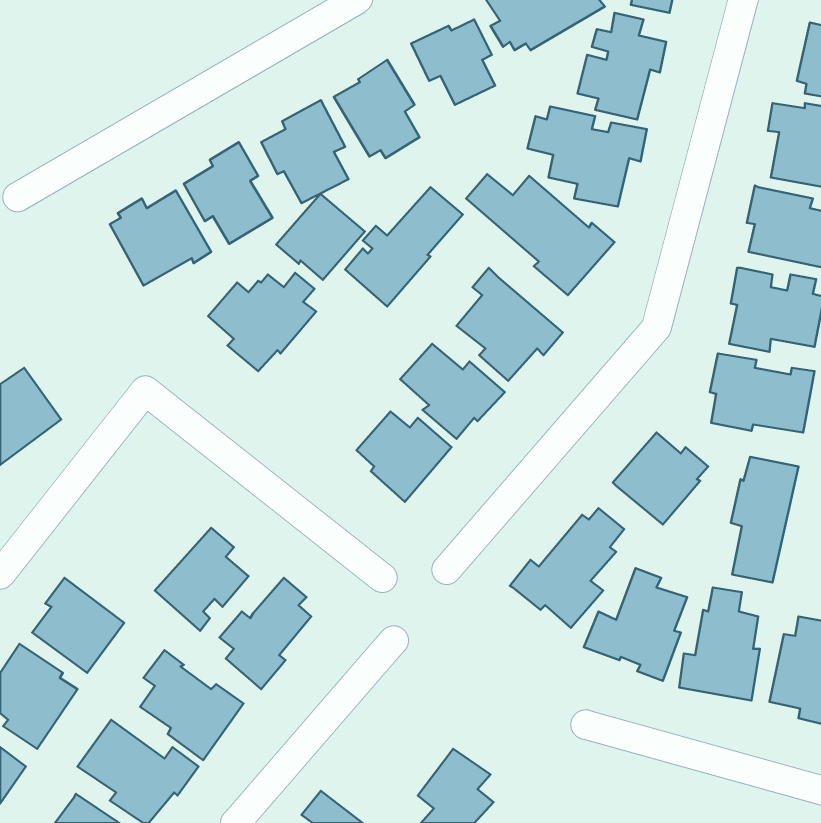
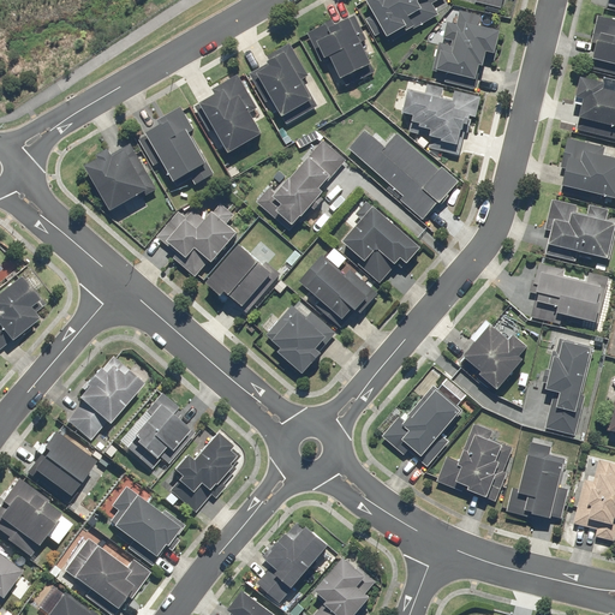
building: [276,194,365,280] -> [213,244,279,308]
building: none -> [58,356,143,440]
building: none -> [253,521,328,604]

